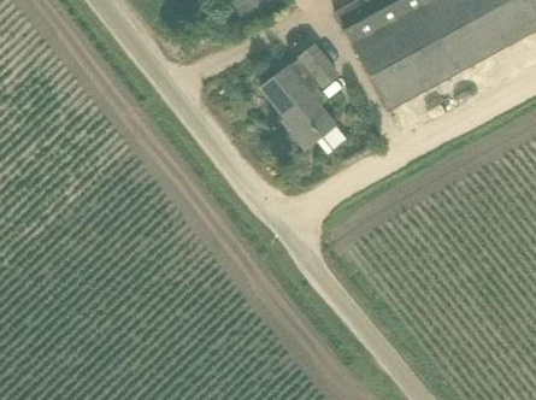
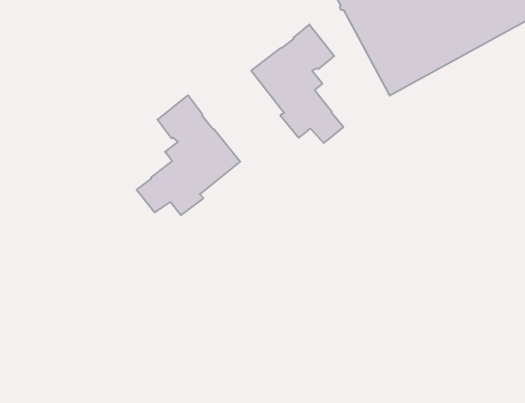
building: none -> [137,95,240,215]

